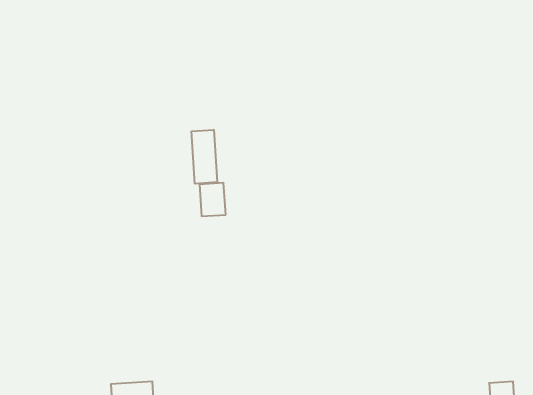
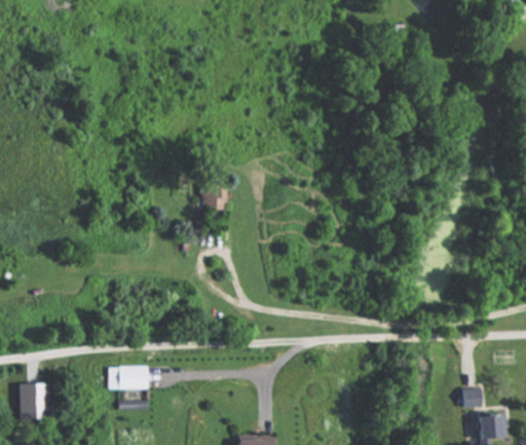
building: [192,130,217,184] -> none

